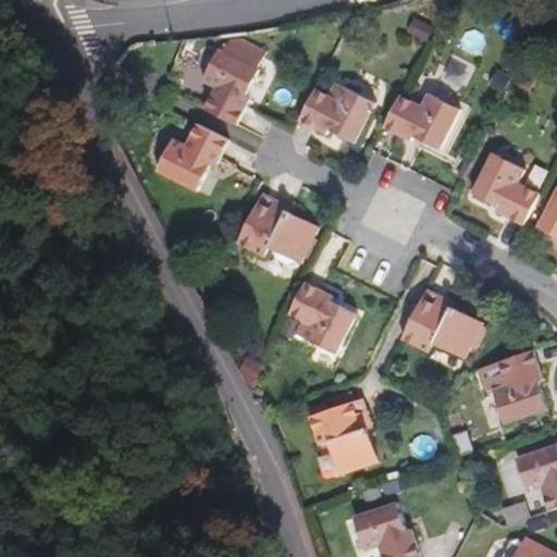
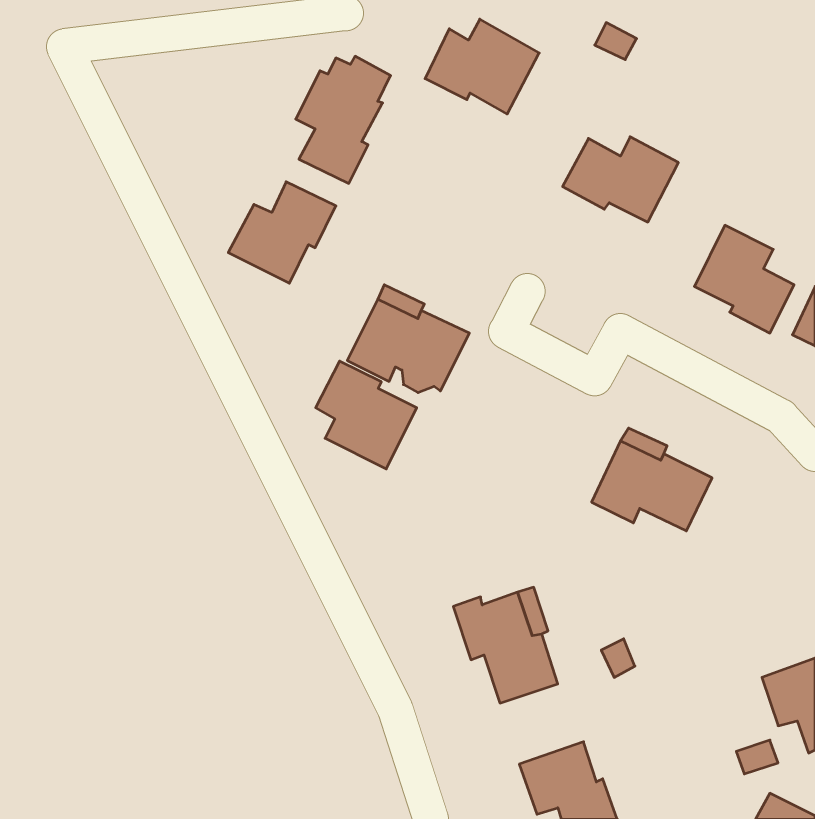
building: [297,81,374,145] -> [425,19,539,114]
building: [287,281,356,354] -> [316,361,417,469]
building: [474,349,545,422] -> none

